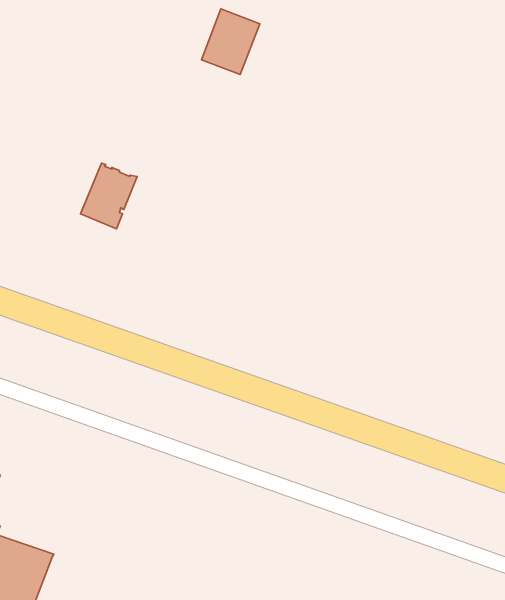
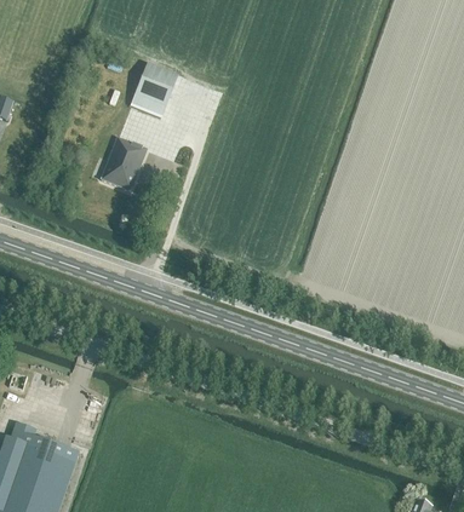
building: [201,9,260,75] -> [131,64,178,117]

